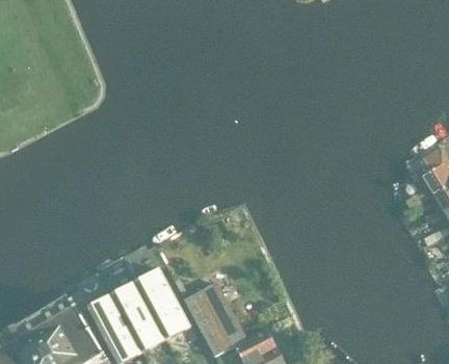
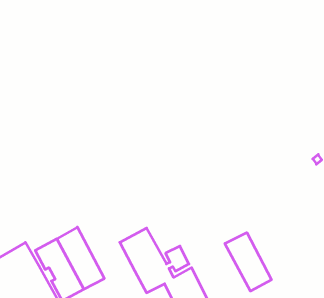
building: [135,267,191,339] -> none
building: none -> [225,233,271,291]

